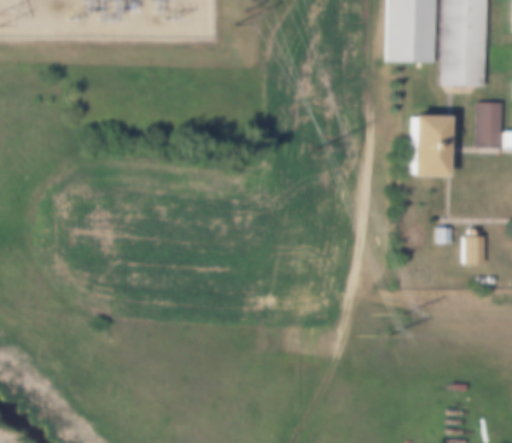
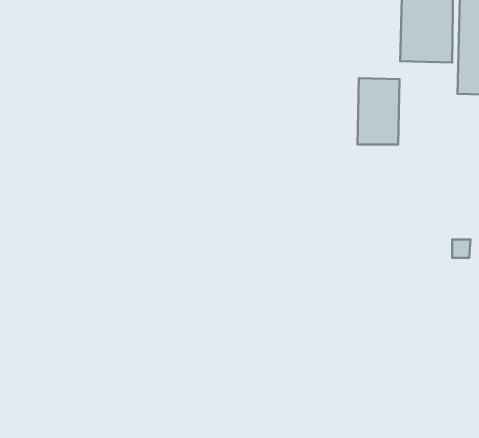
building: [407,115,446,176] -> [358,78,399,144]

